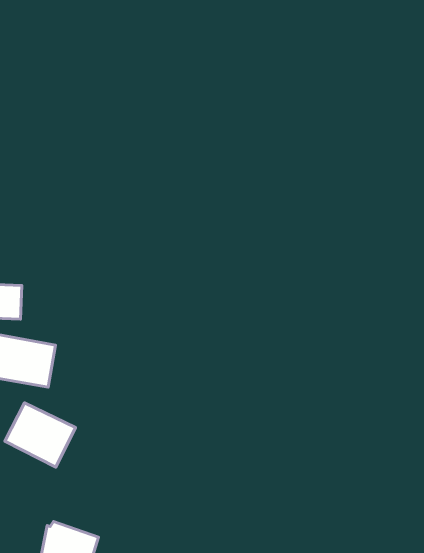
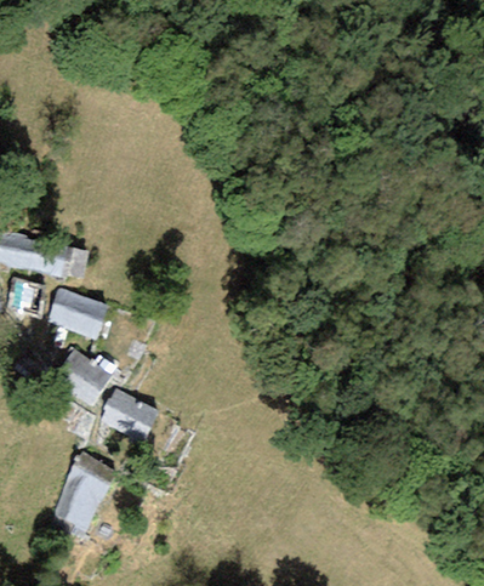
building: none -> [99,387,159,442]

